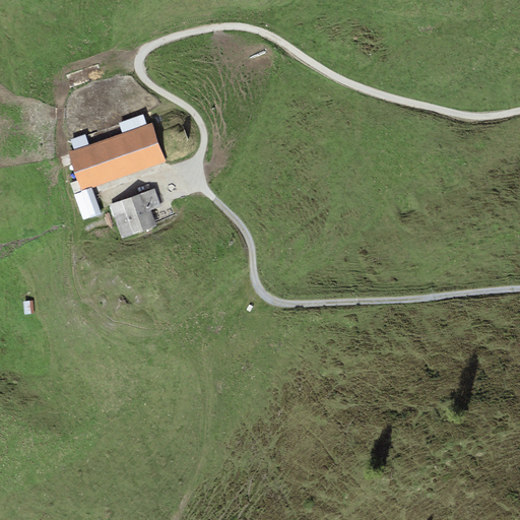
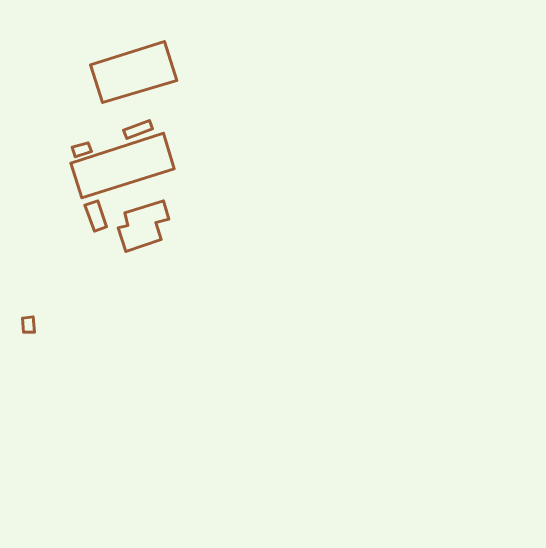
building: none -> [91,42,177,103]

